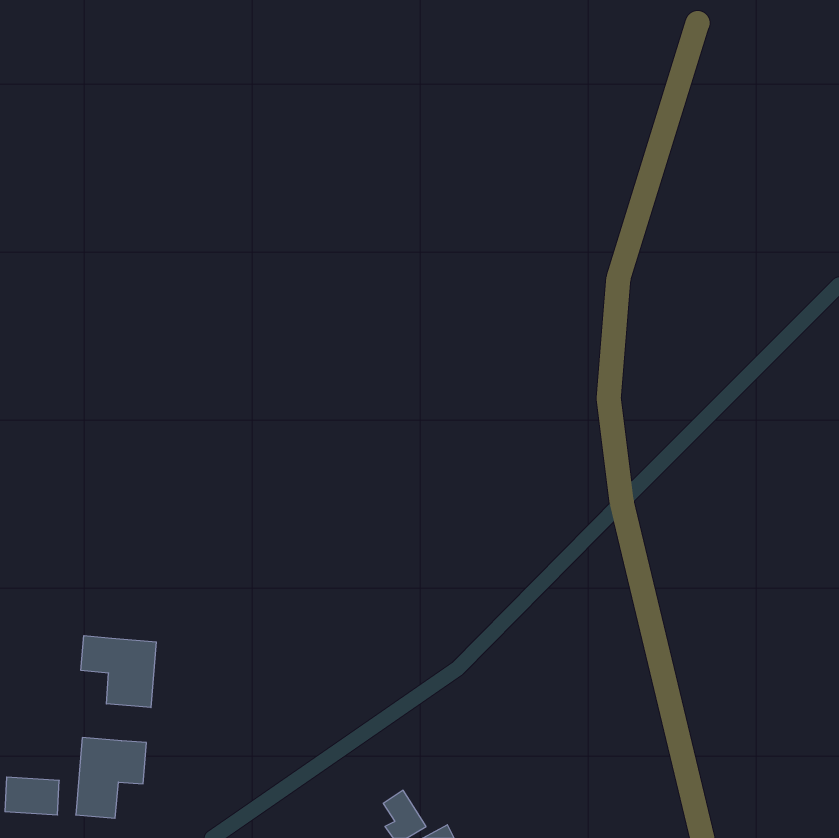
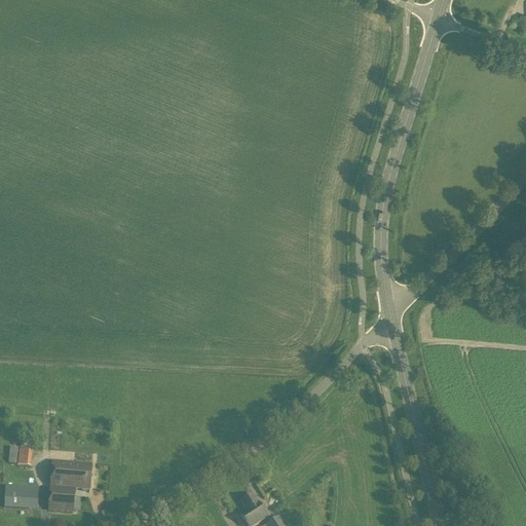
building: [81,636,156,708] -> none
building: none -> [9,445,33,464]

